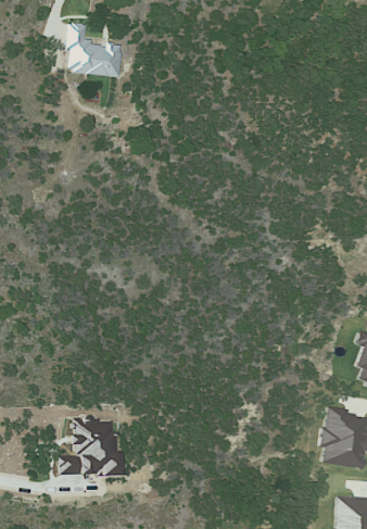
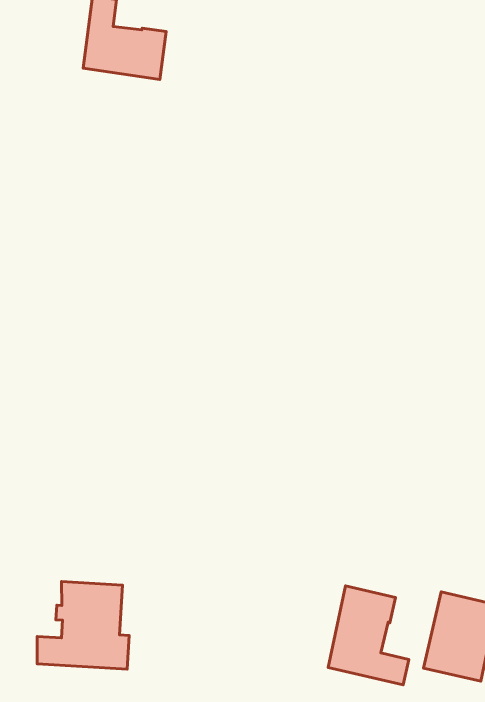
building: none -> [328,586,409,685]

